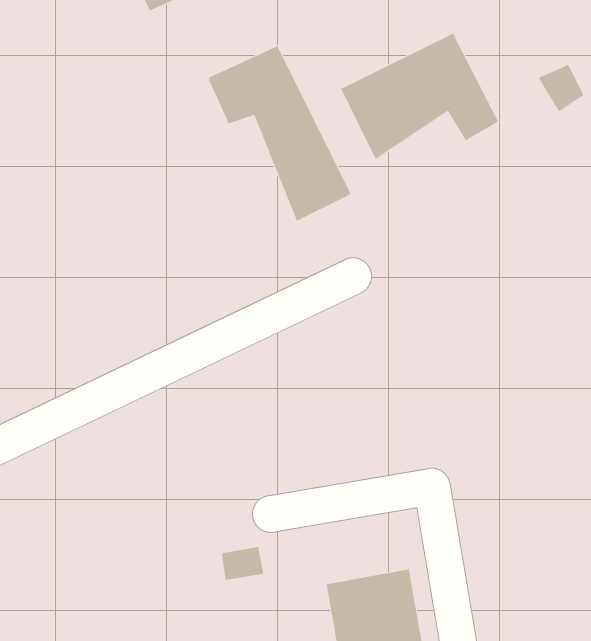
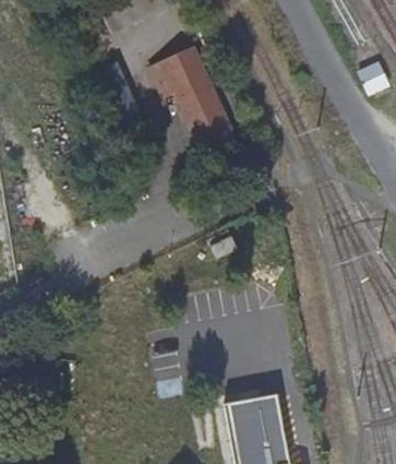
building: [341,33,499,160] -> none

